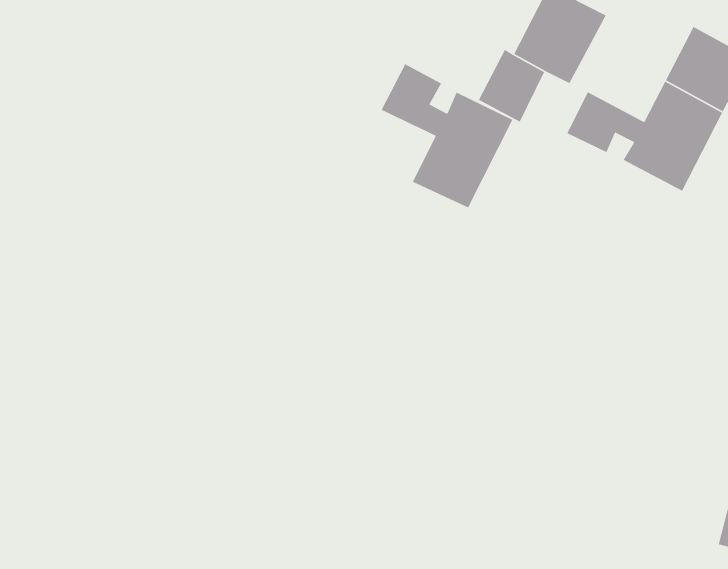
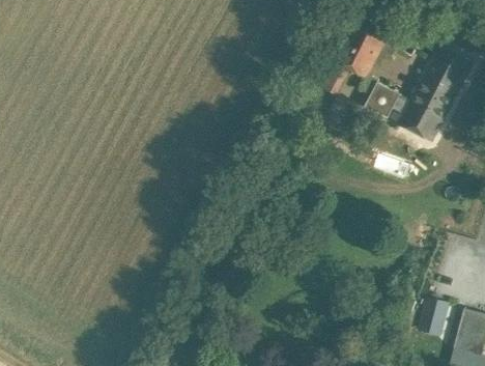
building: [381,63,514,208] -> none
building: none -> [420,300,448,335]

